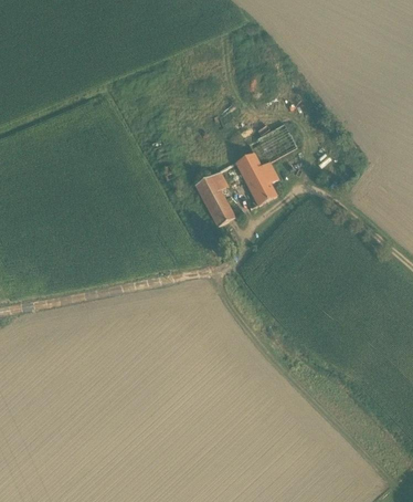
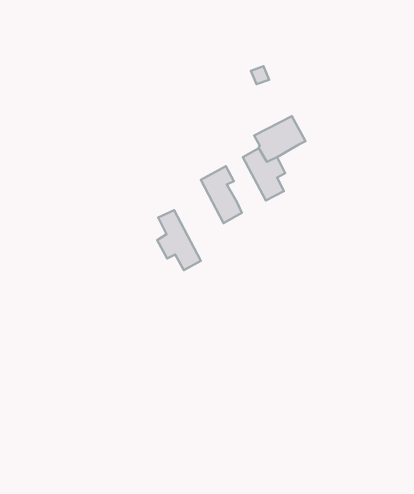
building: none -> [157,210,201,270]

